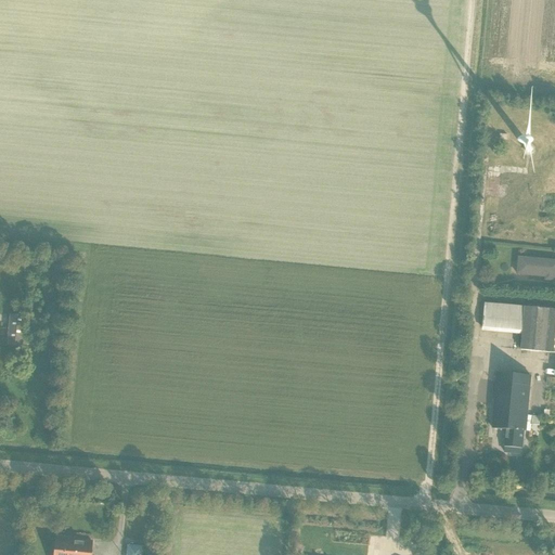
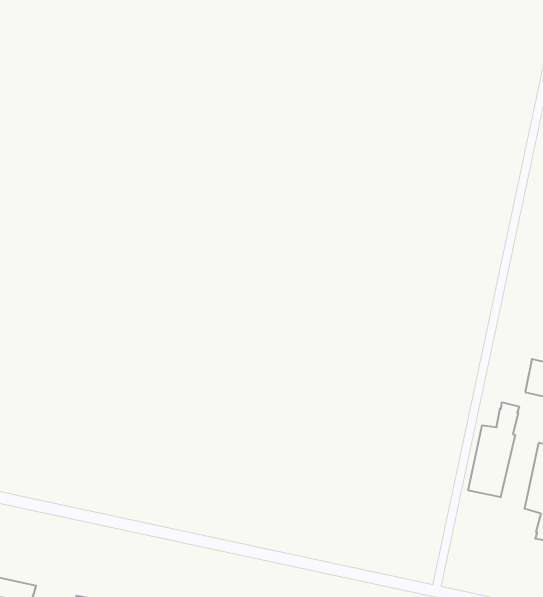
building: none -> [468,402,519,497]

